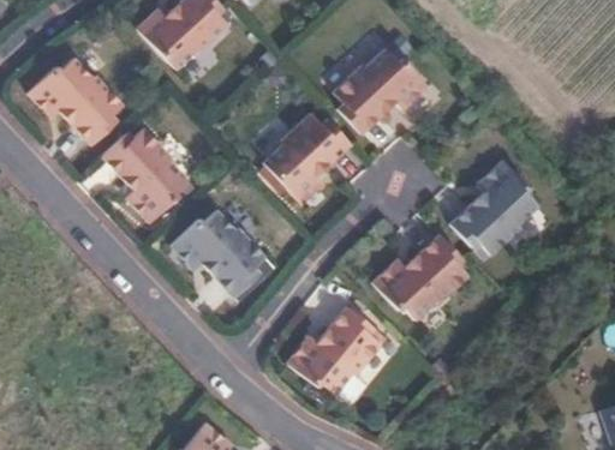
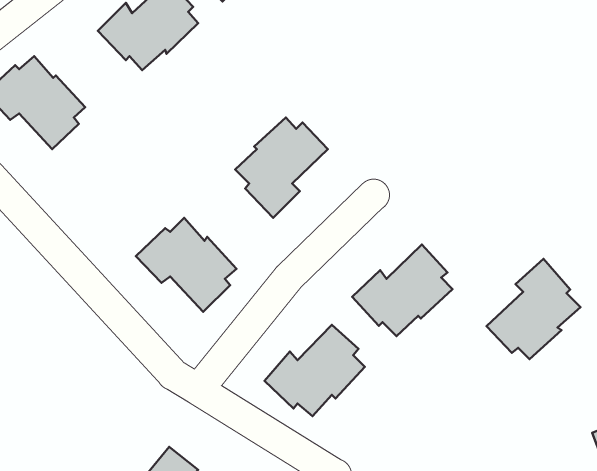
building: [333,47,428,133] -> none
building: [100,126,186,221] -> none
building: [450,160,539,254] -> [486,259,580,359]

